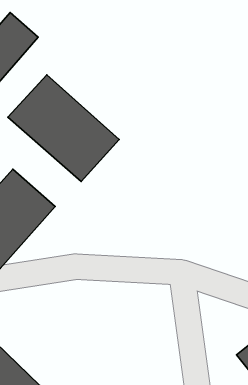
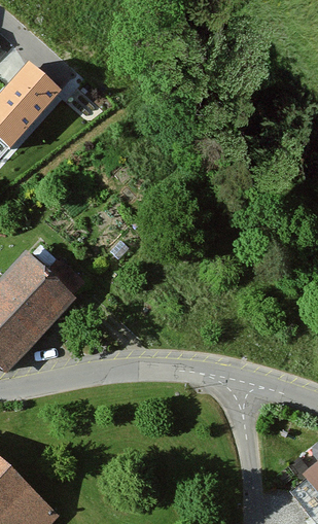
building: [8,75,119,181] -> none

